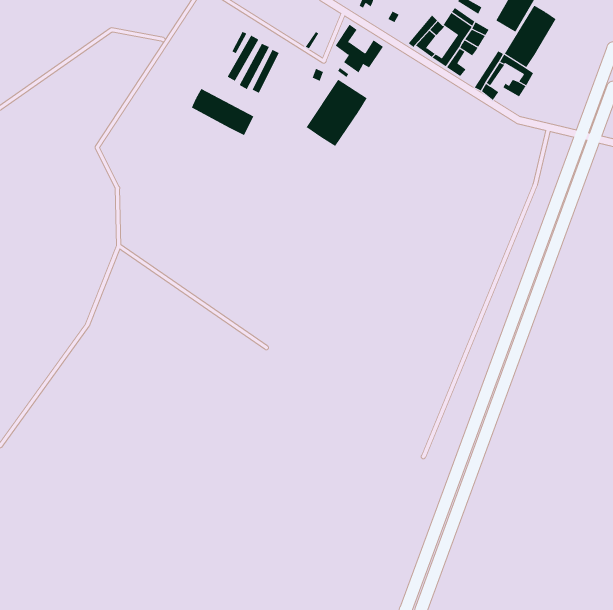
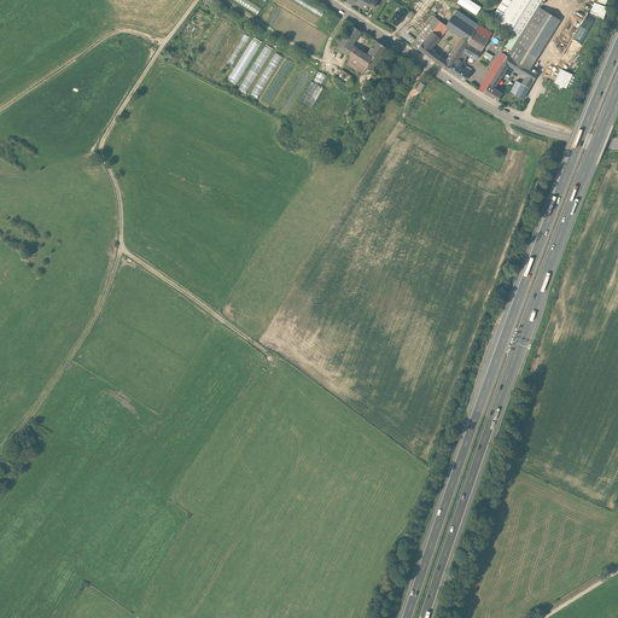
building: [306,79,368,147] -> none
building: [191,88,254,136] -> none

